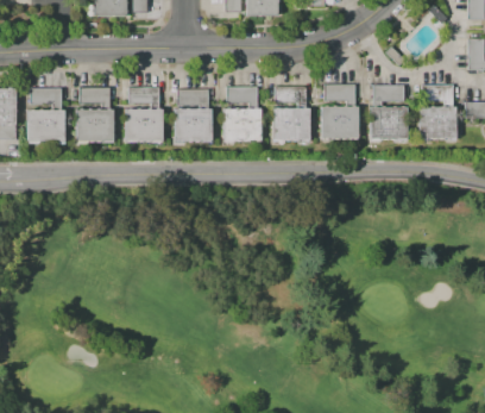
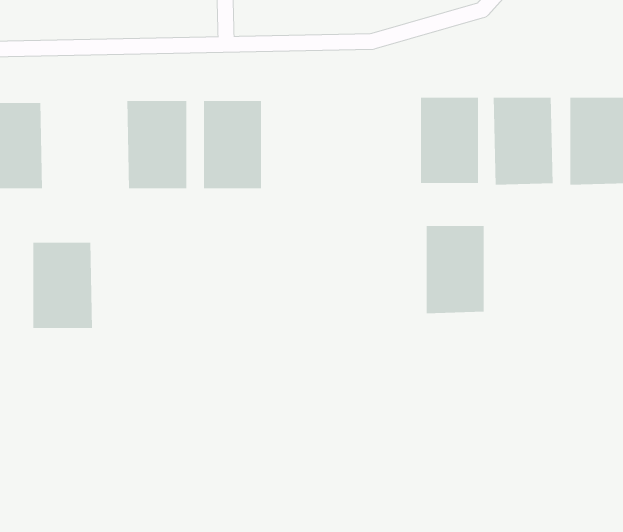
building: [220,85,260,144] -> none
building: [270,85,309,144] -> [426,225,484,314]
building: [73,88,113,146] -> [33,242,93,329]

